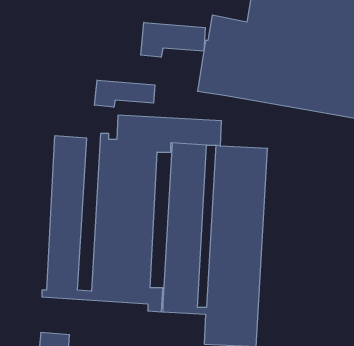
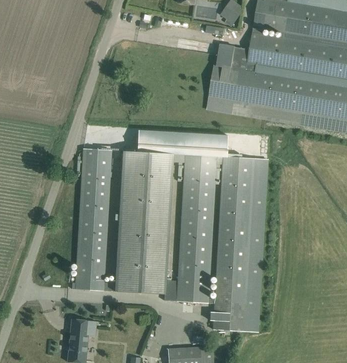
building: [141,22,205,57] -> none
building: [95,80,155,107] -> none

